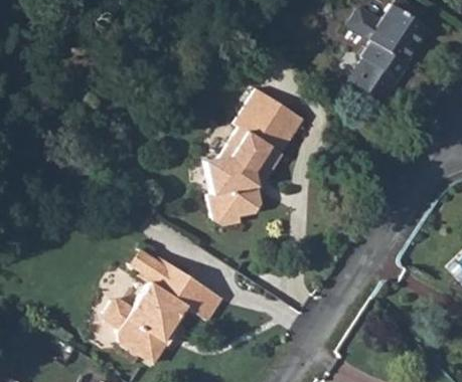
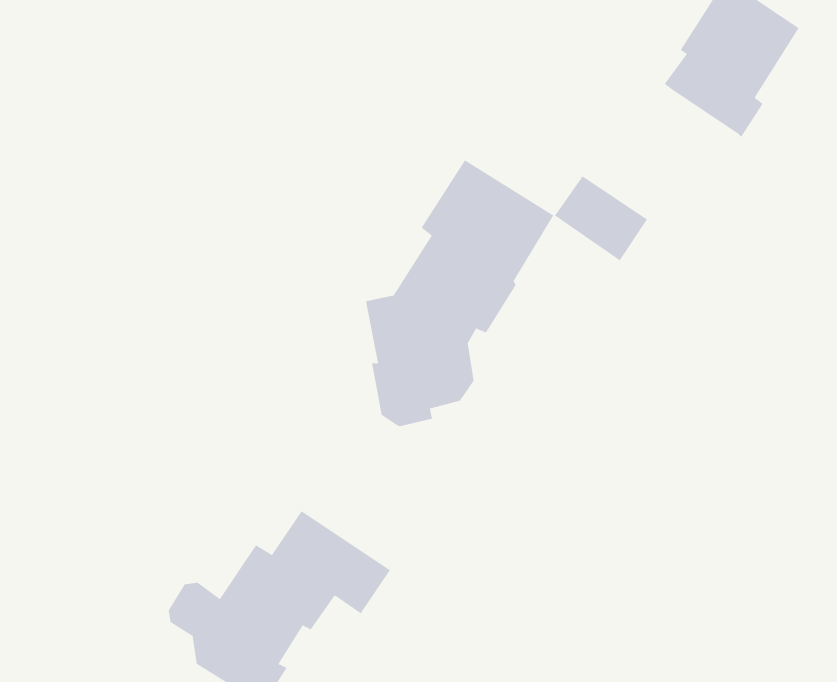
building: [347,53,395,97] -> [554,176,648,261]
building: [129,247,174,288] -> none

